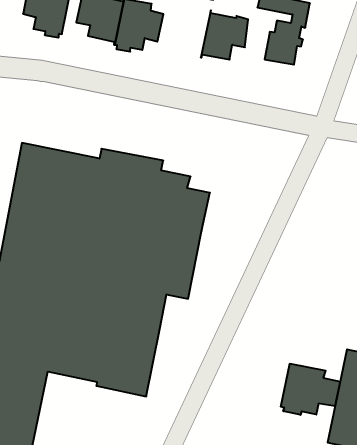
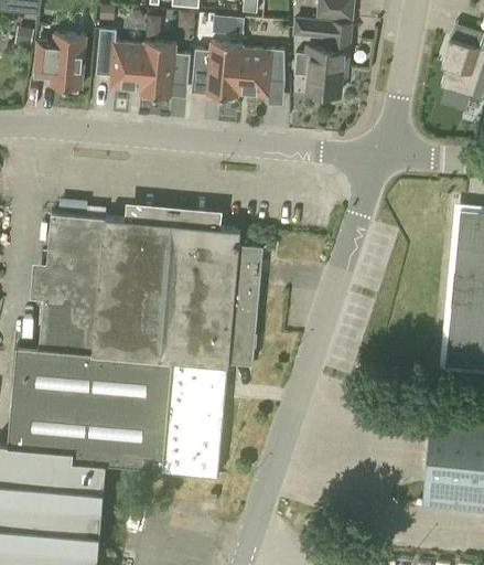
building: none -> [193,41,243,100]
building: [281,364,340,415] -> none

